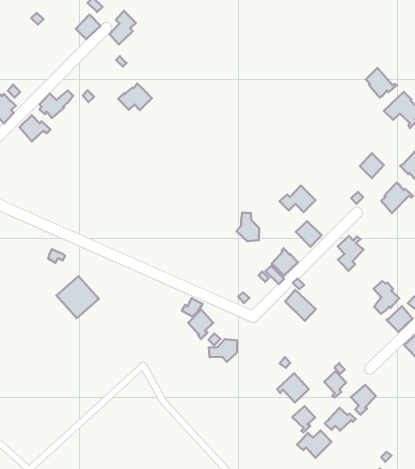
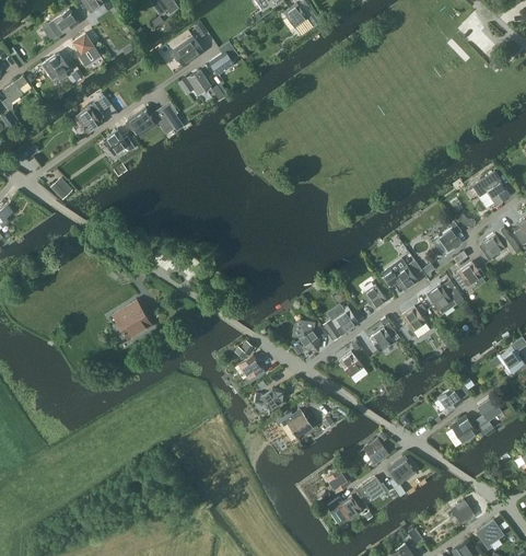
building: [366,68,397,98] -> none
building: [118,83,152,110] -> [178,69,212,96]
building: [280,185,316,212] -> [383,264,419,291]
building: none -> [426,280,465,314]
building: [237,213,259,241] -> [297,320,320,350]
building: none -> [367,317,397,352]
building: [373,281,399,314] -> none
building: [277,373,309,403] -> [281,408,313,438]

